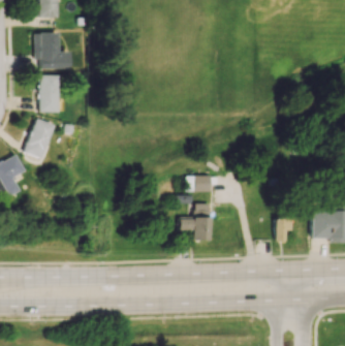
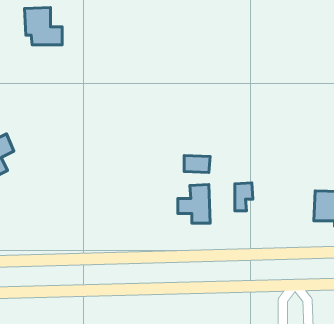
building: [38,75,58,113] -> none
building: [23,119,53,159] -> none
building: [276,215,293,242] -> [235,183,253,211]

